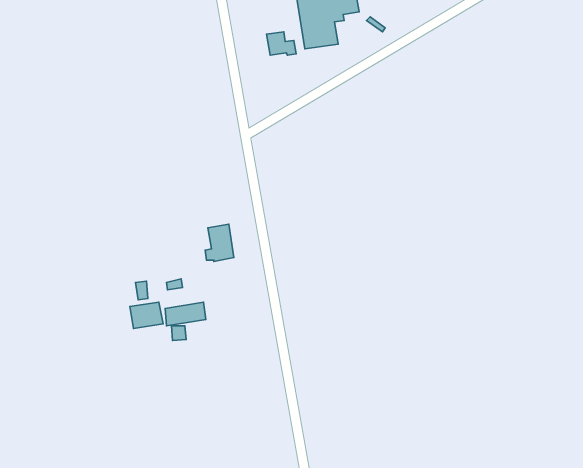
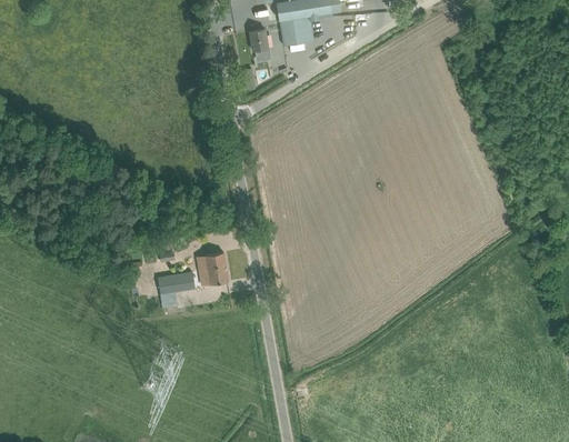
building: [205,224,234,261] -> [202,252,228,285]
building: [130,302,163,328] -> none

